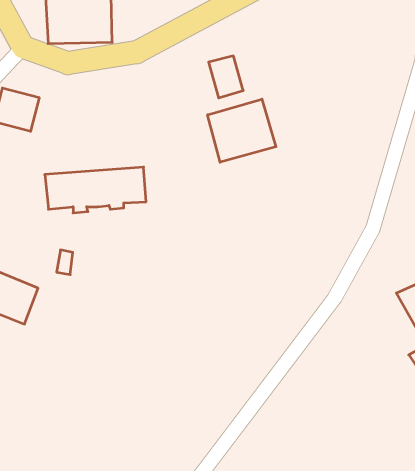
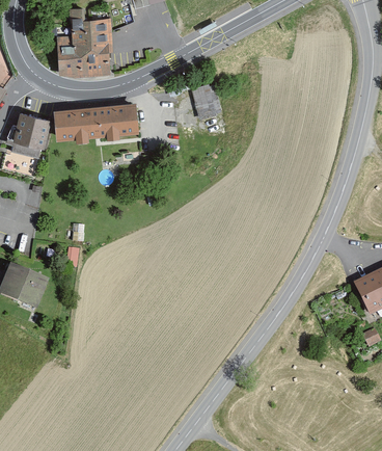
building: [208,99,276,162] -> none
building: [45,167,146,213] -> [52,106,137,144]

